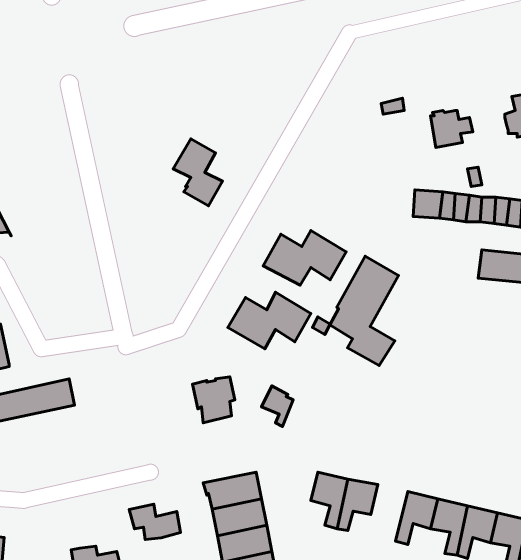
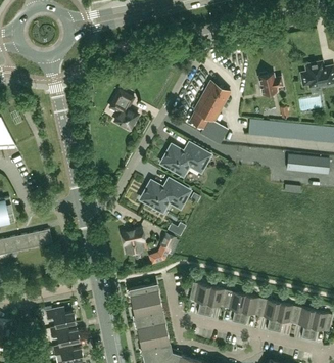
building: [330,256,398,365] -> [190,81,230,144]
building: none -> [224,290,245,323]
building: [129,504,180,540] -> [46,307,76,327]

